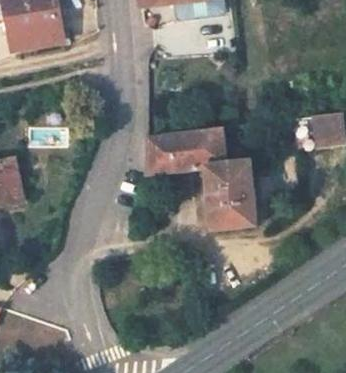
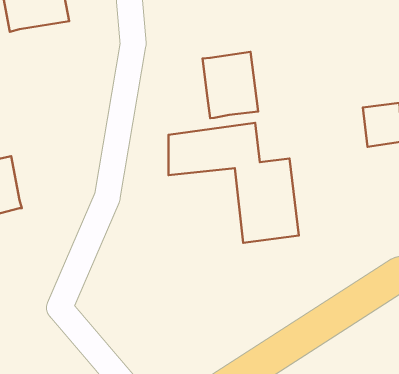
building: none -> [202,52,258,118]

